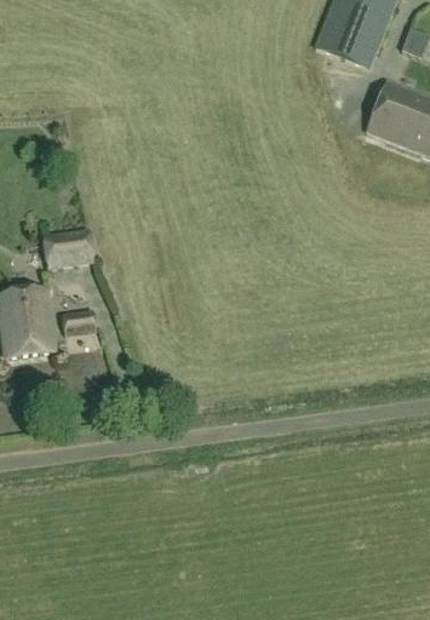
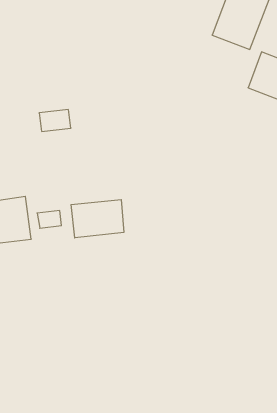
building: [44,231,90,263] -> [39,110,71,131]
building: none -> [71,200,124,238]

